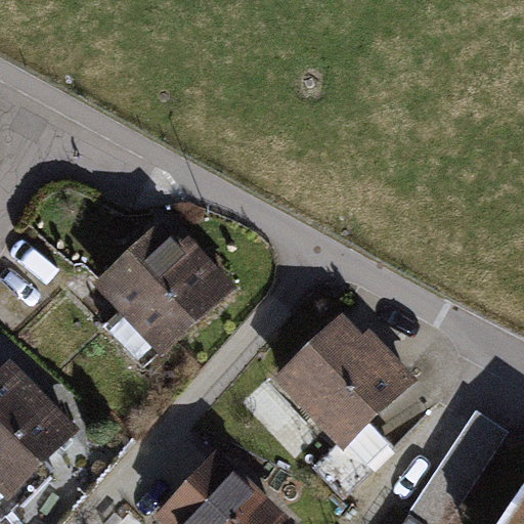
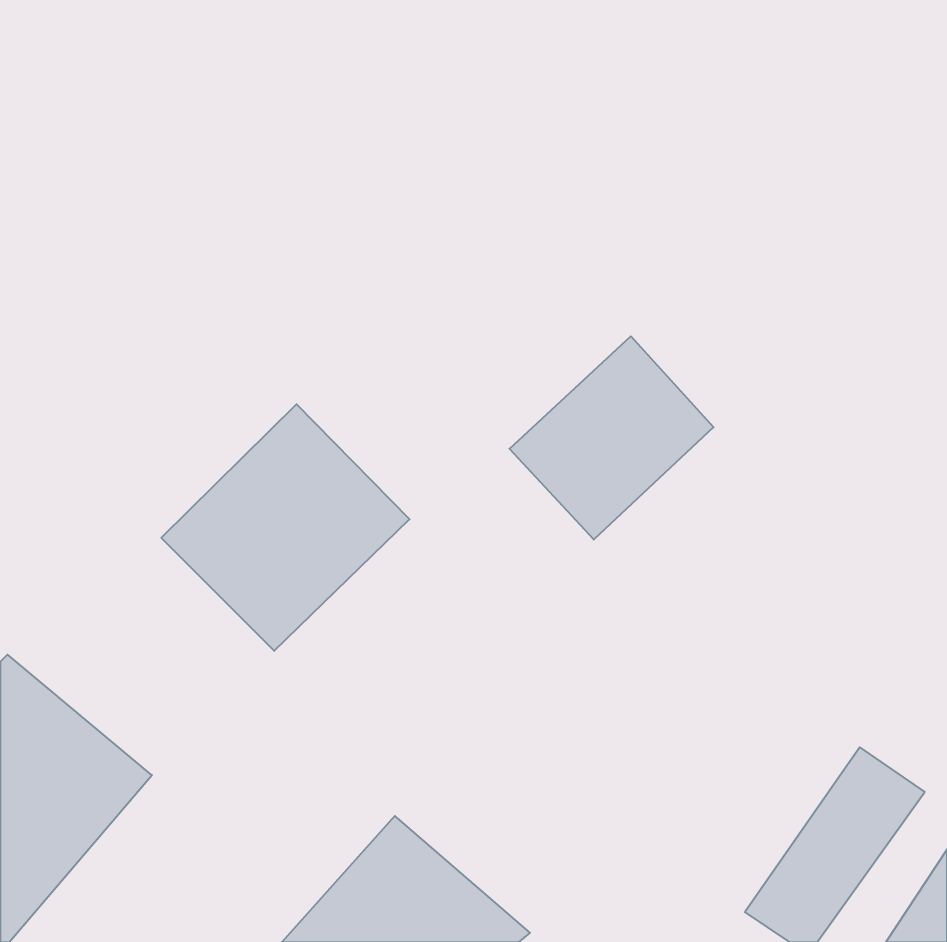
building: none -> [509,336,714,540]
building: [272,317,403,506] -> none

